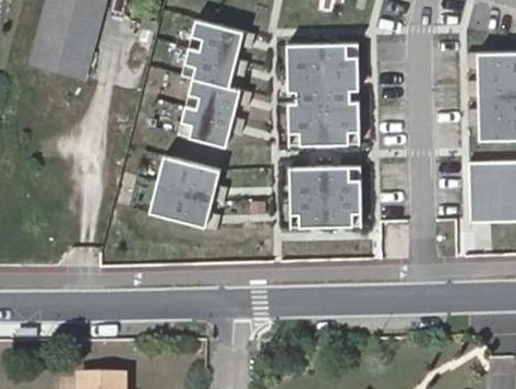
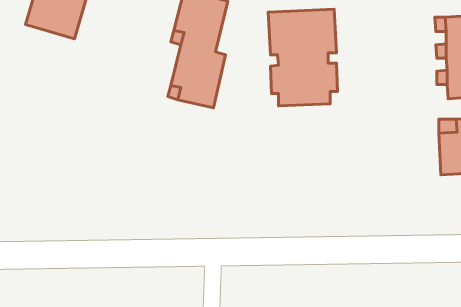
building: [154,158,224,229] -> none
building: [290,166,362,228] -> none

